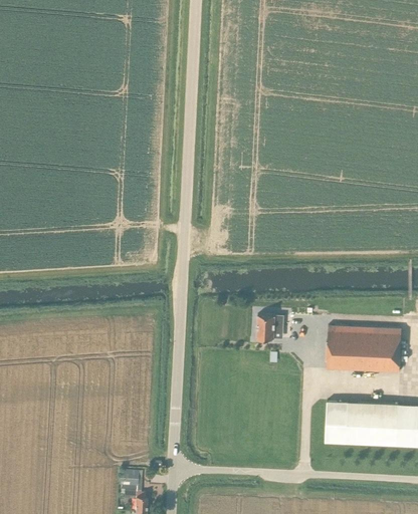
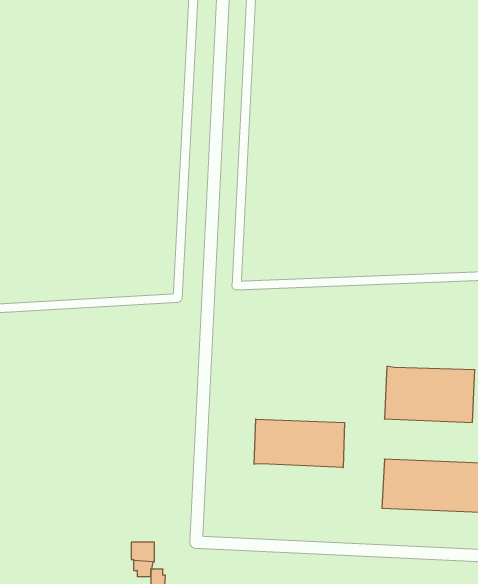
building: [256,316,283,339] -> none
building: none -> [254,419,345,468]

